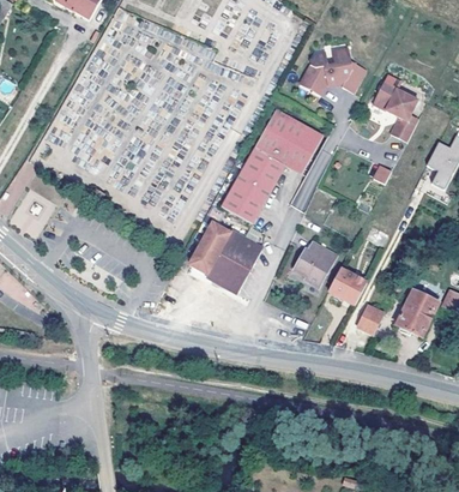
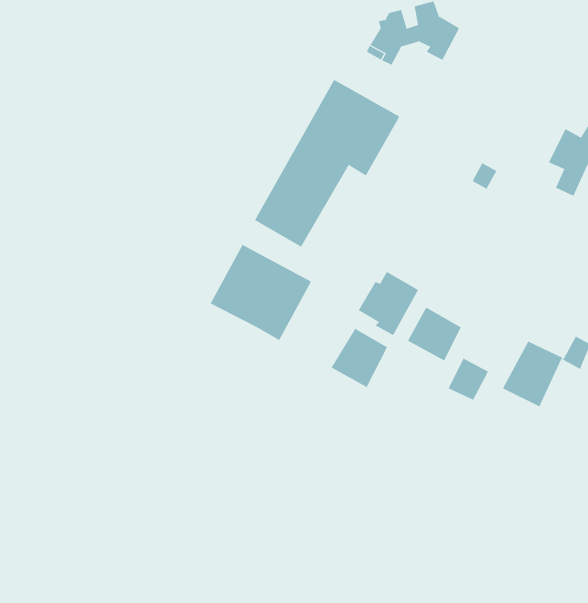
building: [372,83,425,144] -> none
building: none -> [331,327,388,388]

